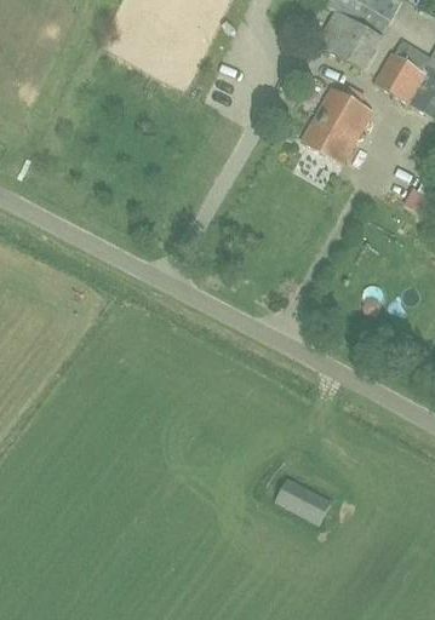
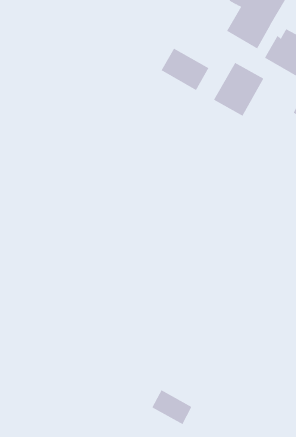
building: none -> [161,48,209,91]
building: [274,476,331,526] -> [152,390,192,425]

